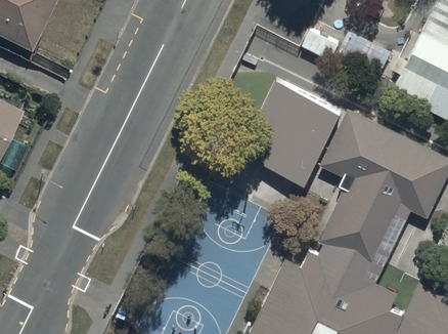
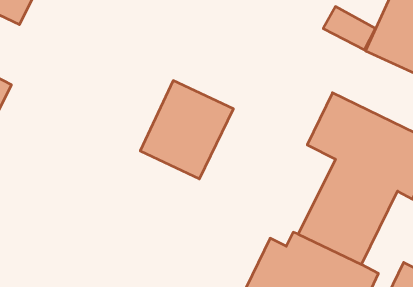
building: [245,86,341,186] -> [140,81,233,179]

